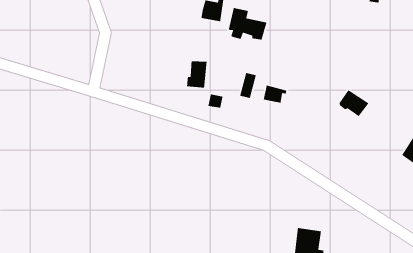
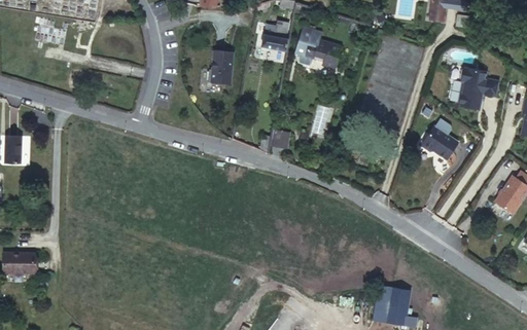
building: none -> [458,65,499,107]
building: [186,60,207,89] -> [206,51,231,84]
building: [263,85,287,103] -> none

